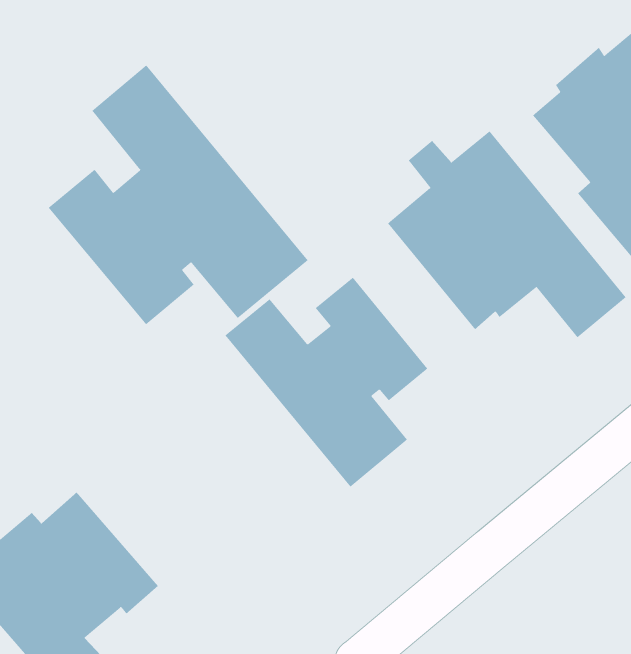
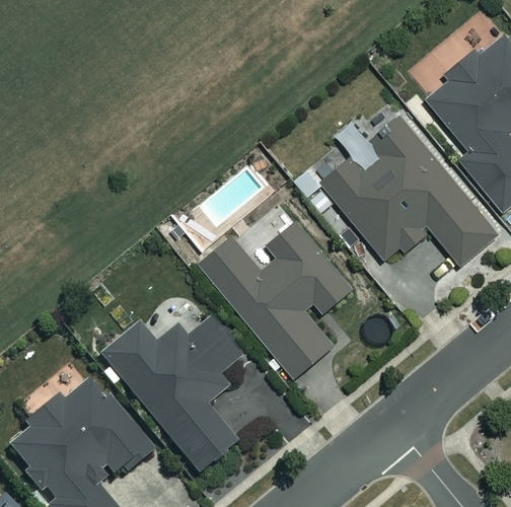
building: [48,64,309,325] -> none
building: none -> [101,318,241,472]

